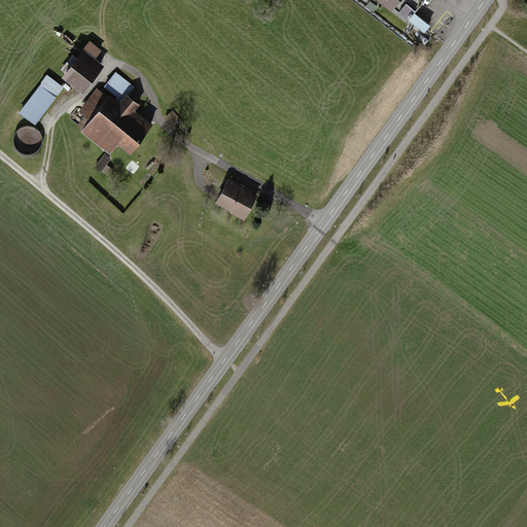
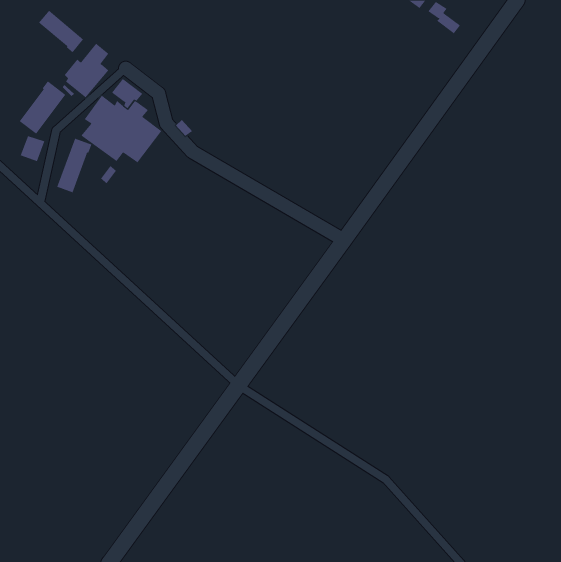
building: none -> [38,10,84,53]
building: none -> [57,138,92,193]
building: [215,180,256,220] -> none

